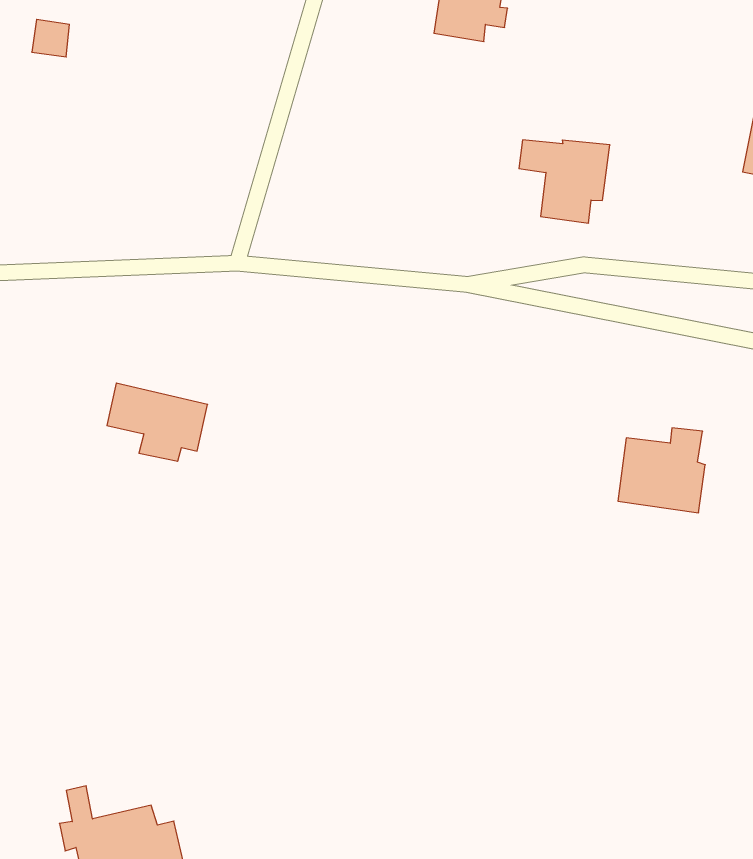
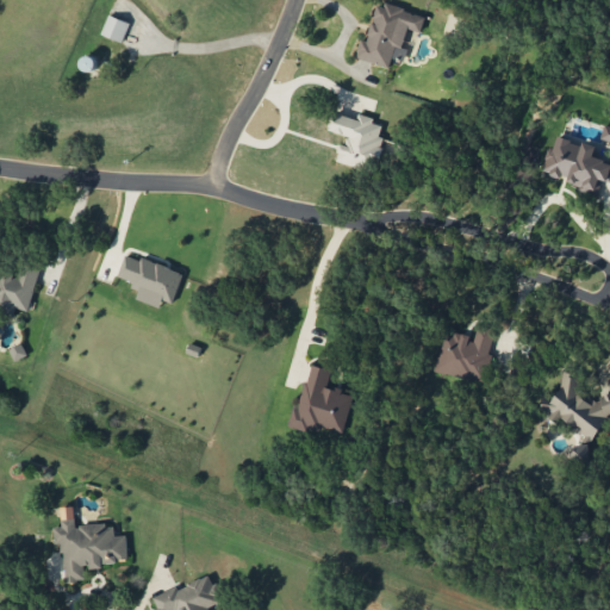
building: [519,140,610,223] -> [328,112,387,170]
building: none -> [292,363,353,434]

